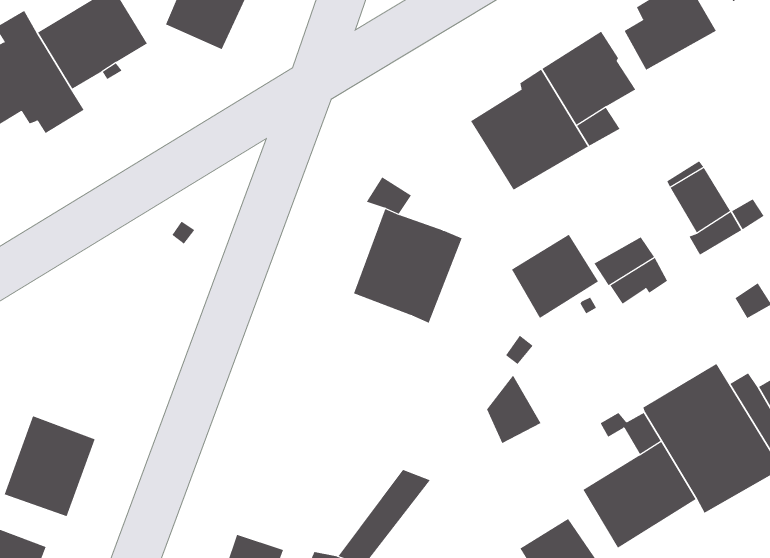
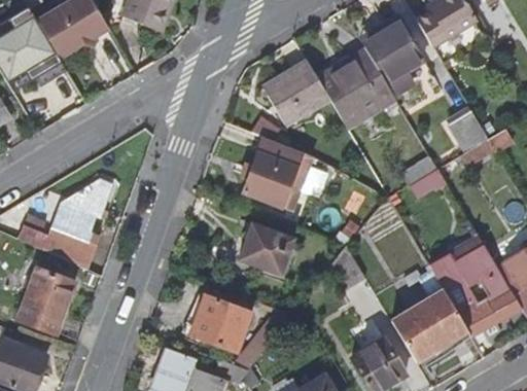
building: none -> [260,58,330,123]
building: [511,234,599,319] -> none
building: none -> [19,181,112,273]
building: none -> [238,226,291,278]
building: none -> [189,296,252,351]

